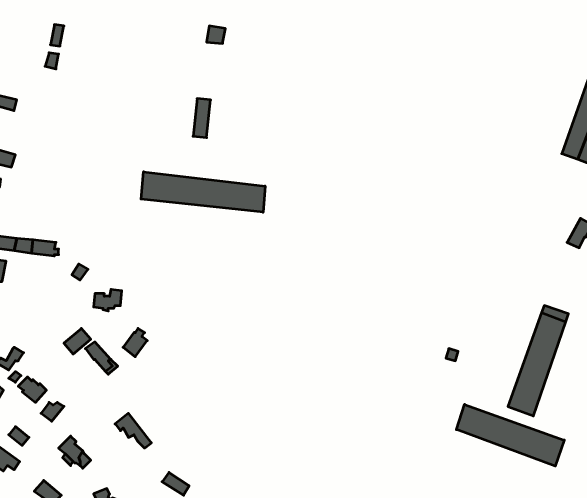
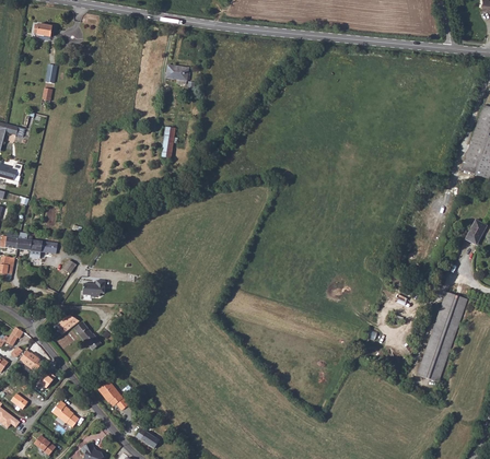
building: [141,172,265,212] -> none
building: [456,404,564,466] -> none

